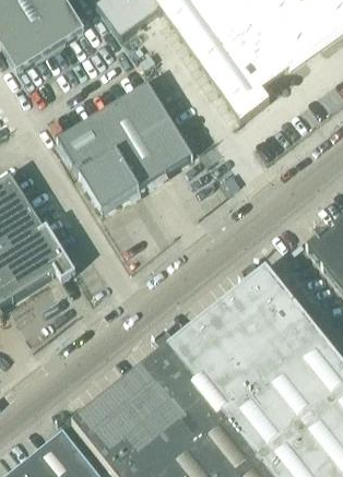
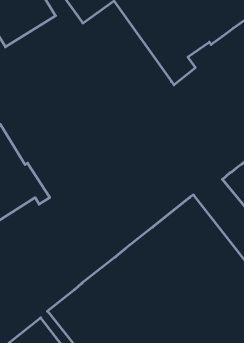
building: [58,81,193,210] -> none

